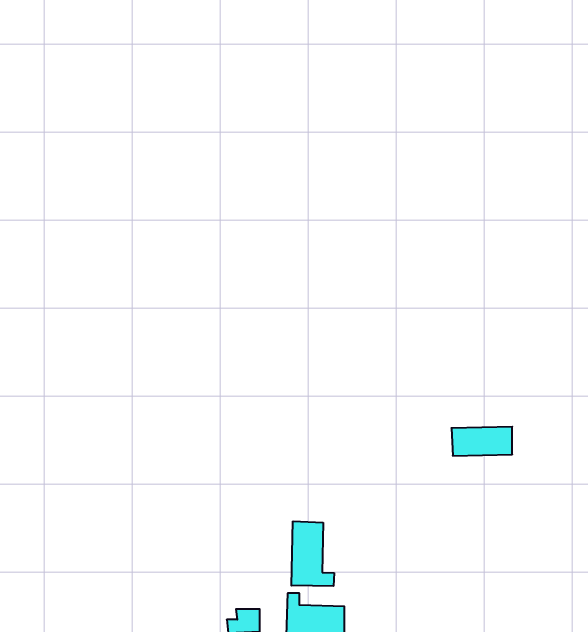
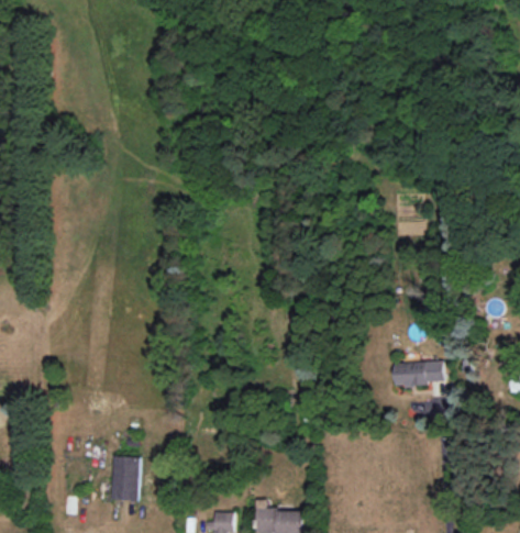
building: [291,521,334,586] -> none
building: none -> [111,456,140,500]

